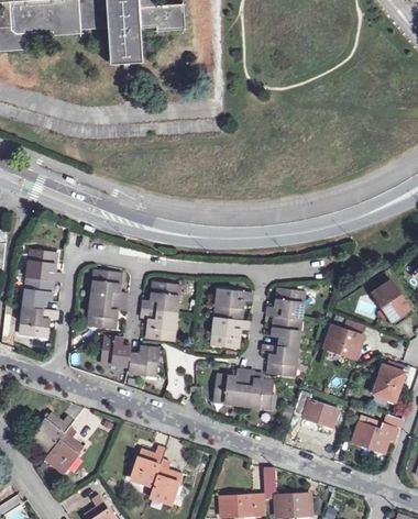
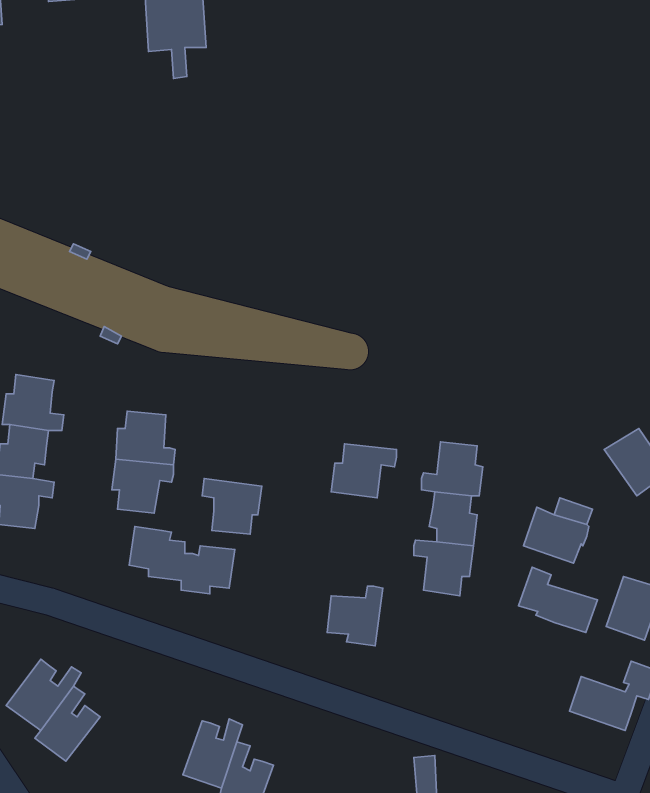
building: [142,281,177,313] -> none
building: [212,317,249,349] -> none
building: [240,372,272,407] -> none
building: [293,390,338,428] -> [519,567,597,633]

